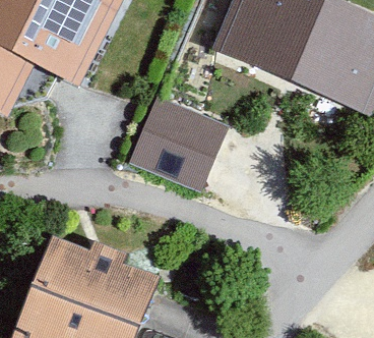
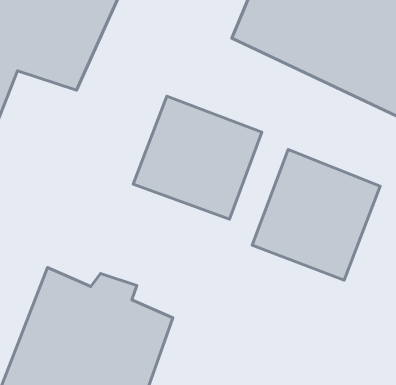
building: none -> [252,149,380,280]

